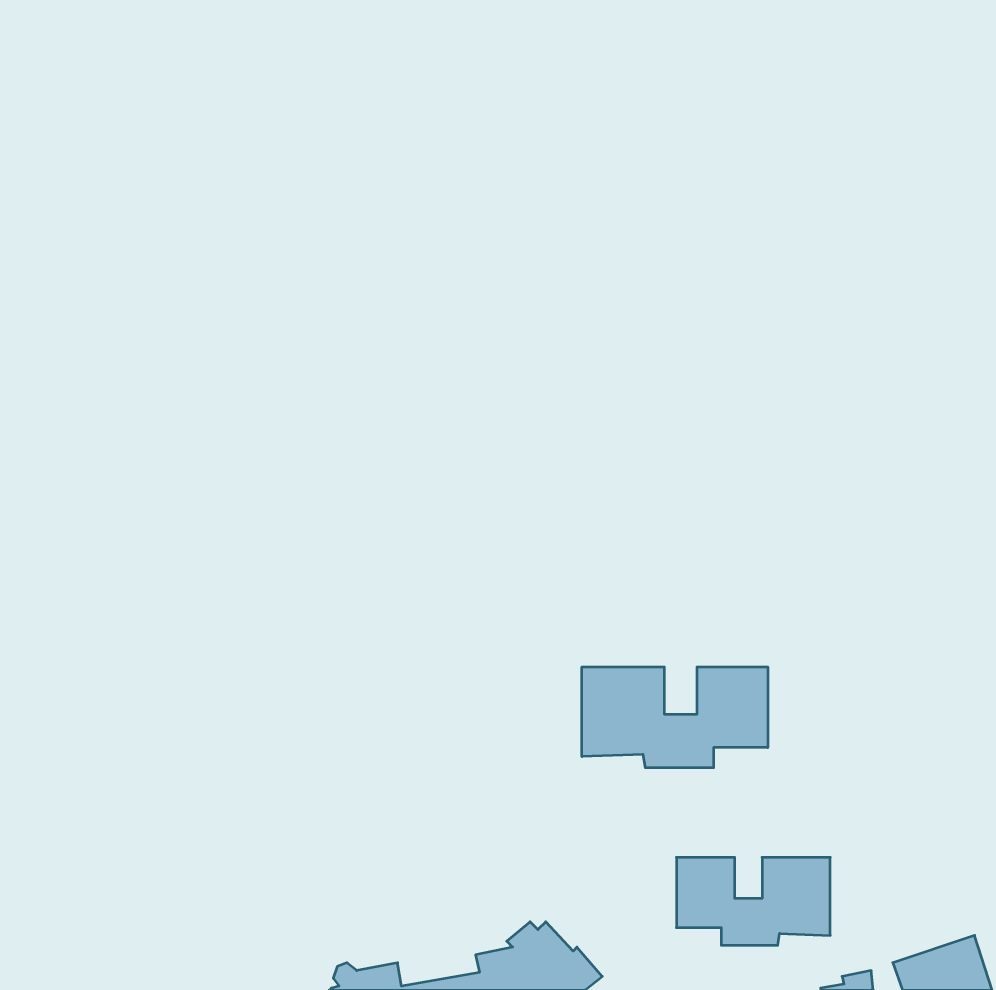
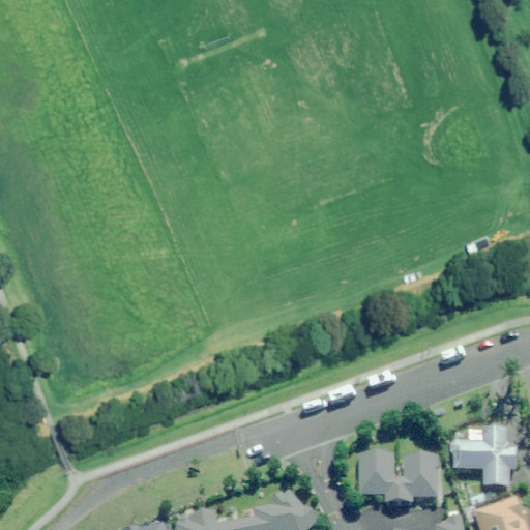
building: [582,667,768,768] -> none
building: none -> [454,429,516,488]

